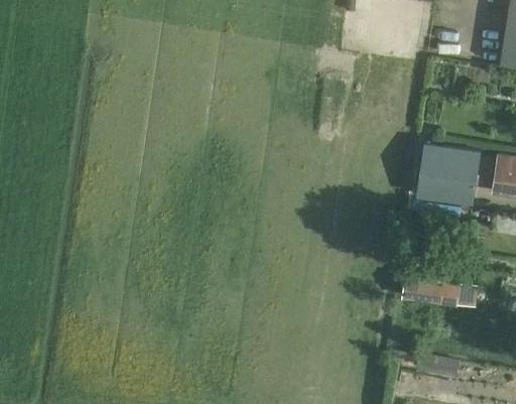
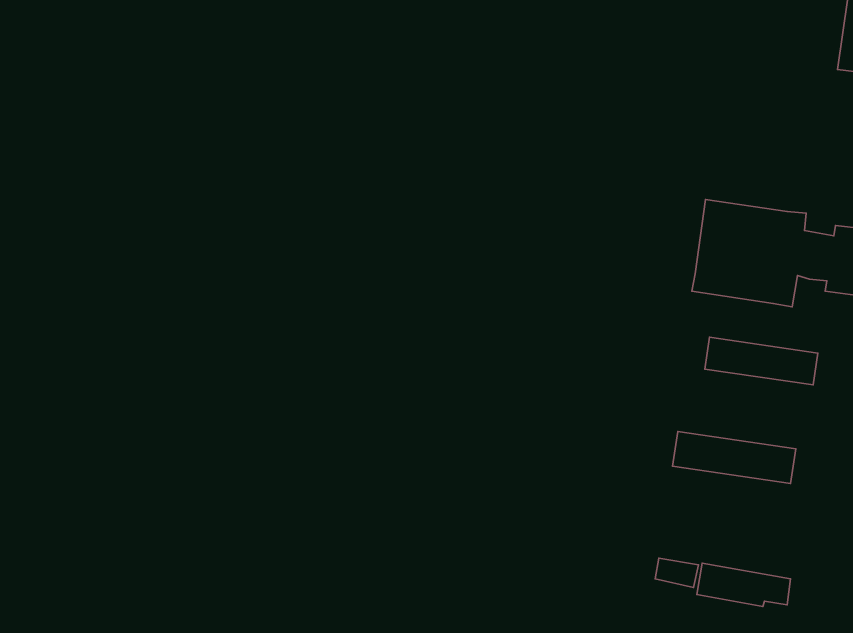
building: none -> [705,337,818,385]

